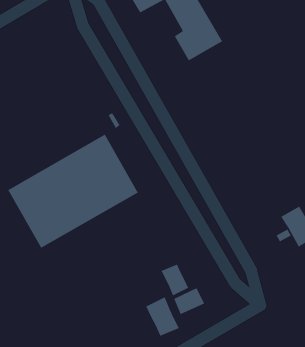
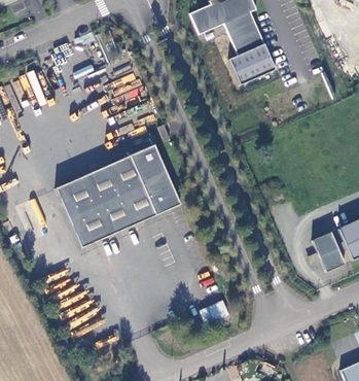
building: [160,263,189,296] -> none
building: [145,296,180,337] -> none

